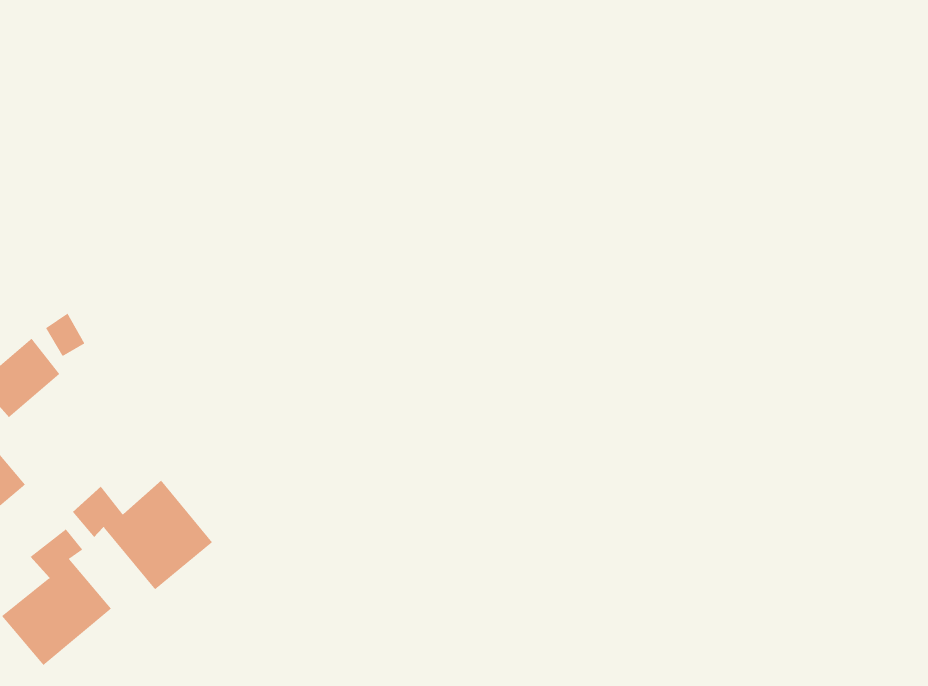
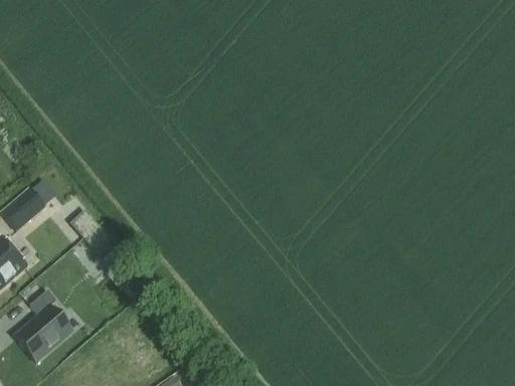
building: [72,480,213,590] -> none

